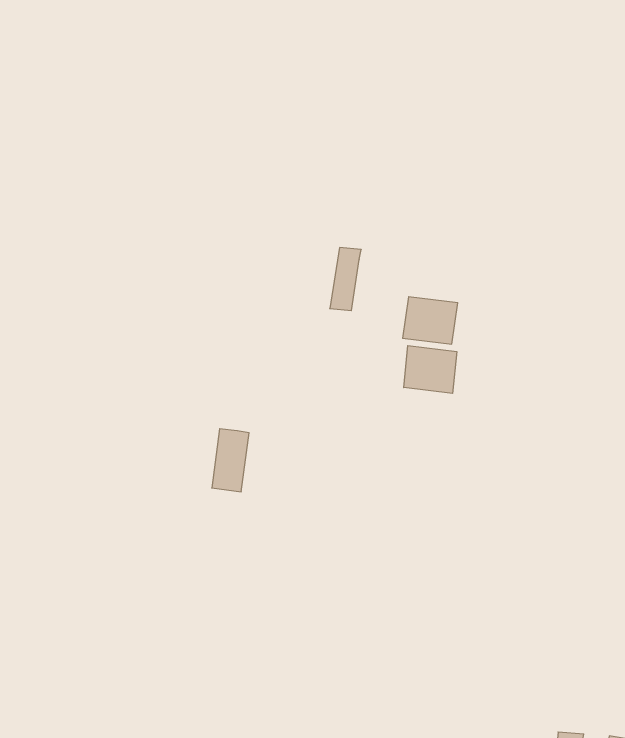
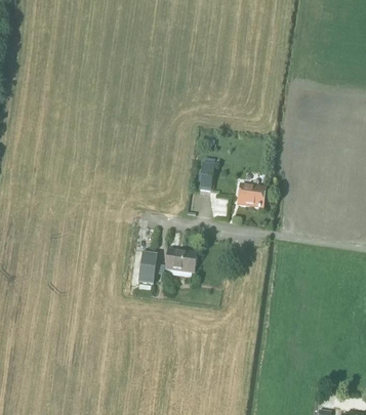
building: [404,346,457,393] -> none
building: none -> [165,248,196,273]

